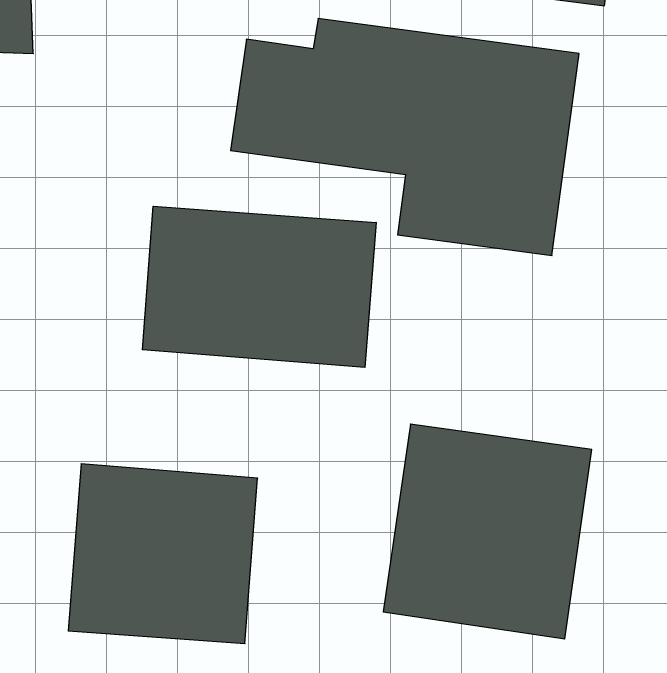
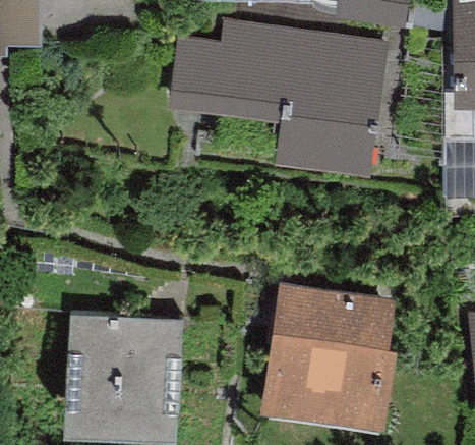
building: [142,206,376,367] -> none

